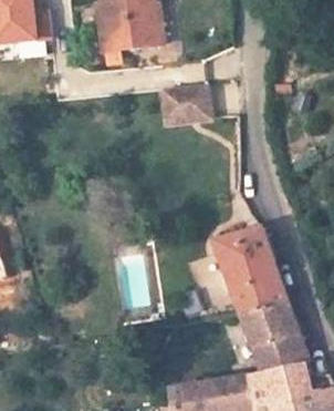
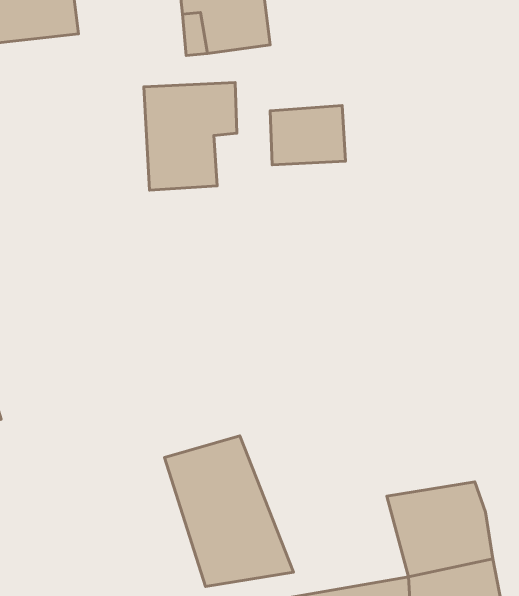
building: none -> [144,83,237,190]
building: [216,229,295,322] -> [164,436,294,586]

